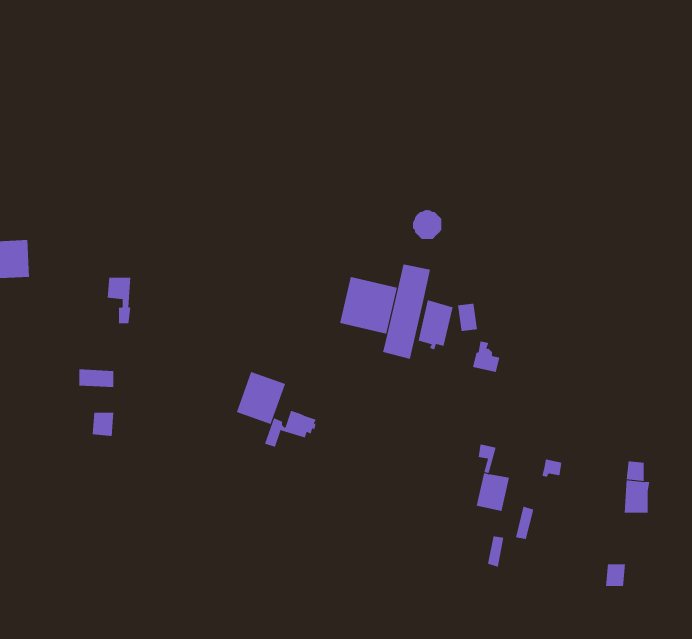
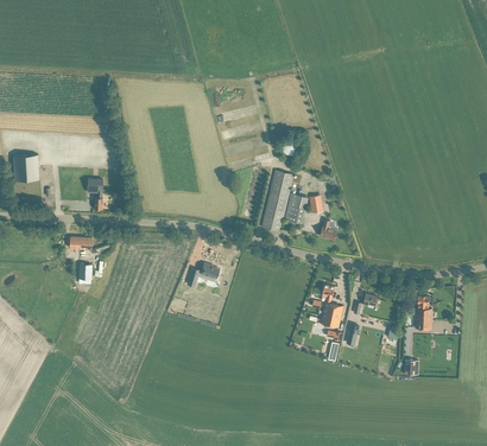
building: [339,276,397,334] -> none
building: [236,371,286,425] -> none

